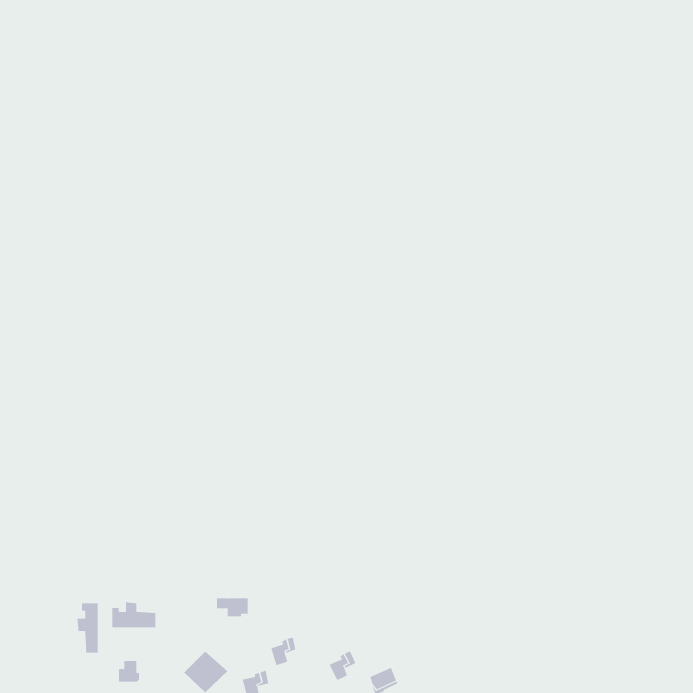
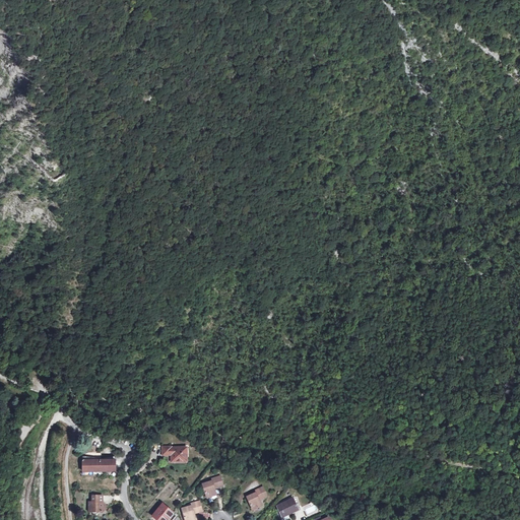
building: [77,602,98,653] -> none

